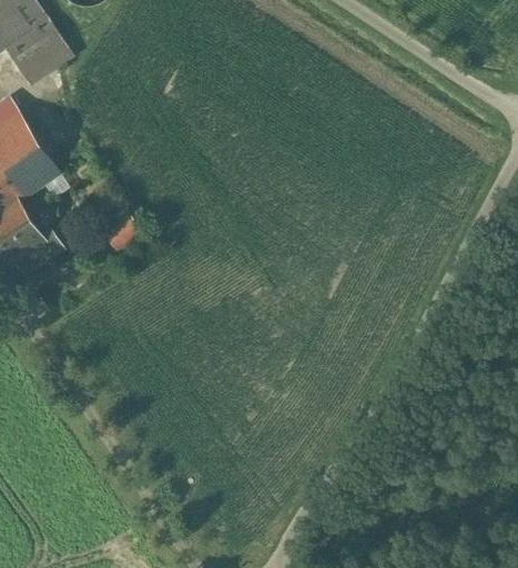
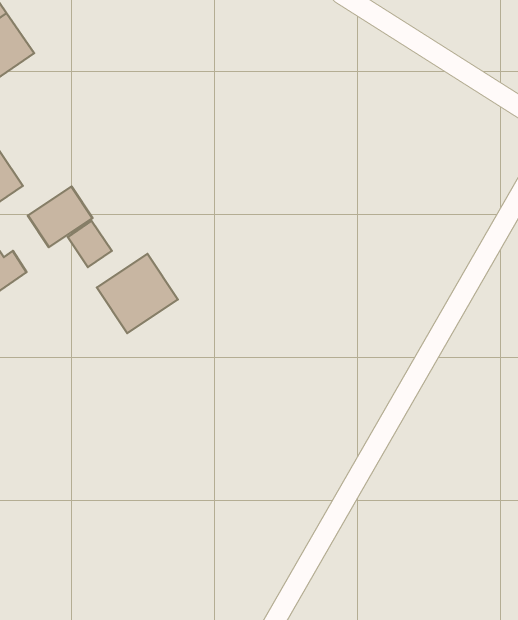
building: none -> [28,187,92,247]
building: none -> [97,254,178,333]

